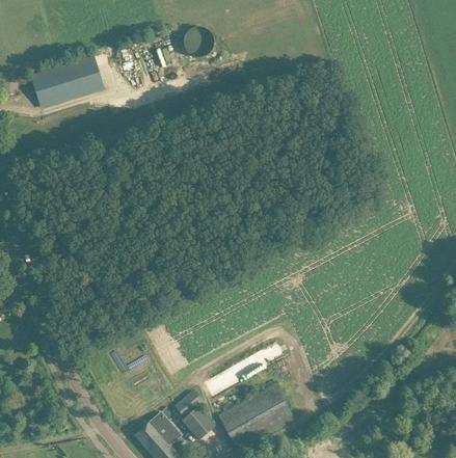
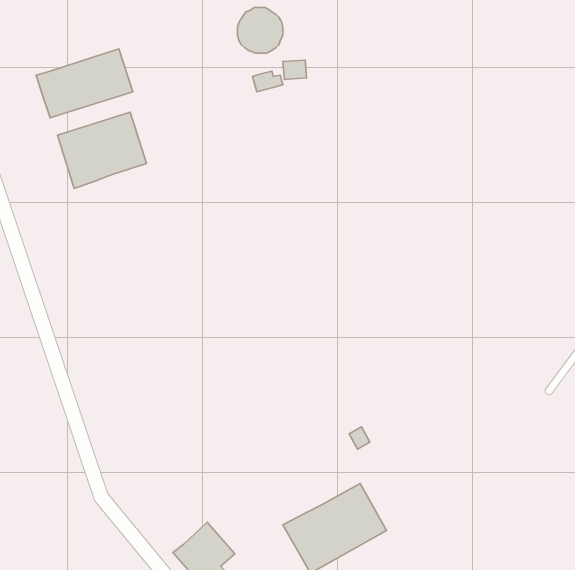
building: none -> [58,112,146,188]
building: [175,390,216,440] -> none

